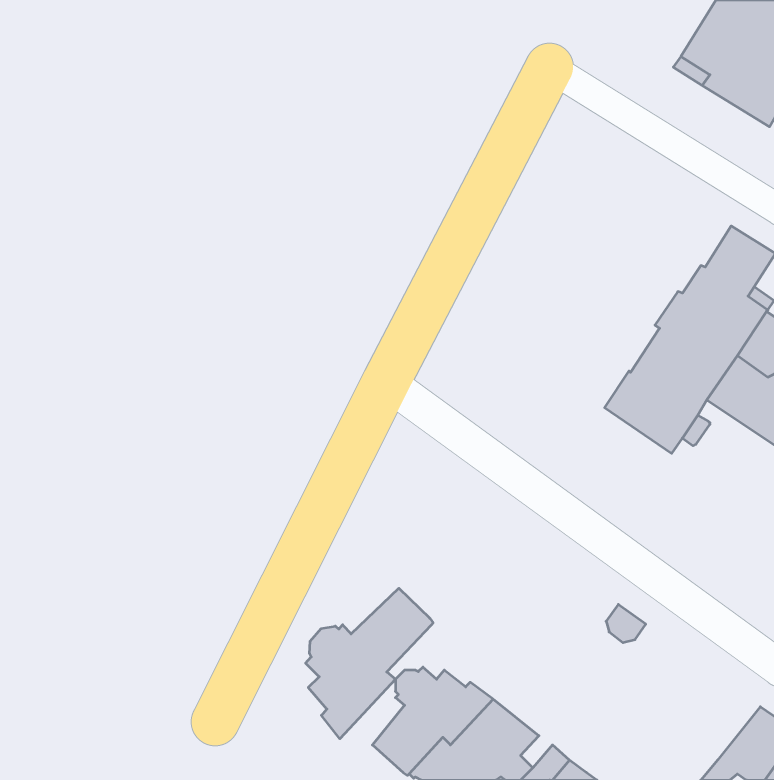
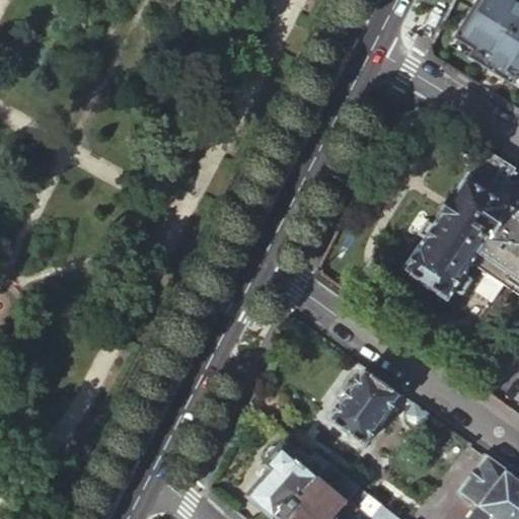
building: none -> [330,368,403,444]
building: [306,588,433,739] -> none
building: none -> [461,455,509,505]

